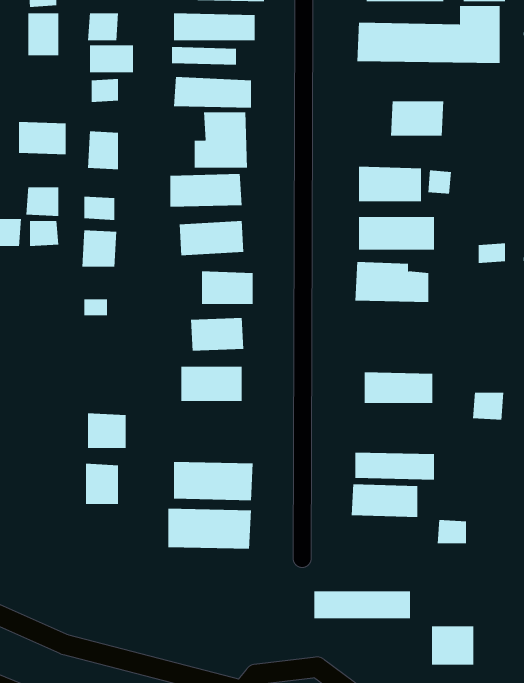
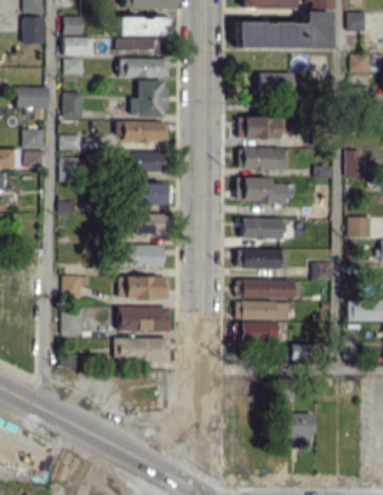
building: none -> [242,218,282,240]
building: none -> [119,276,170,299]
building: [314,591,411,619] -> [238,280,301,298]

